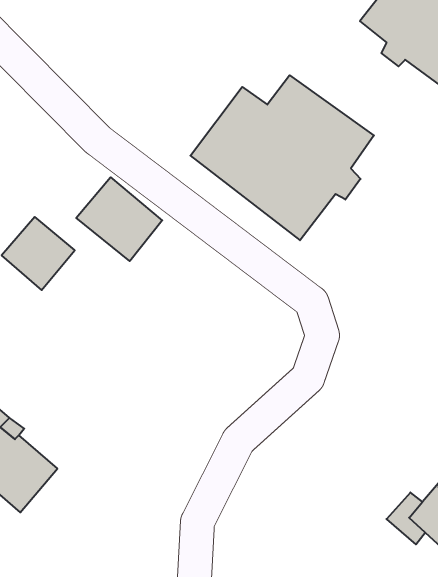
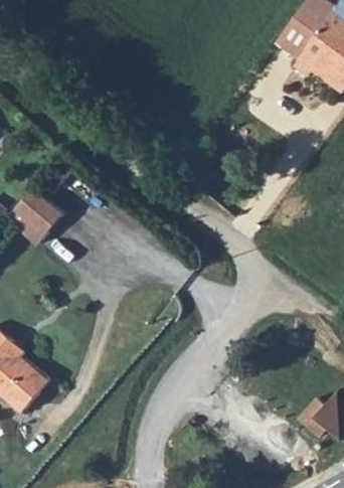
building: [190,75,374,240] -> none
building: [76,177,162,261] -> none

